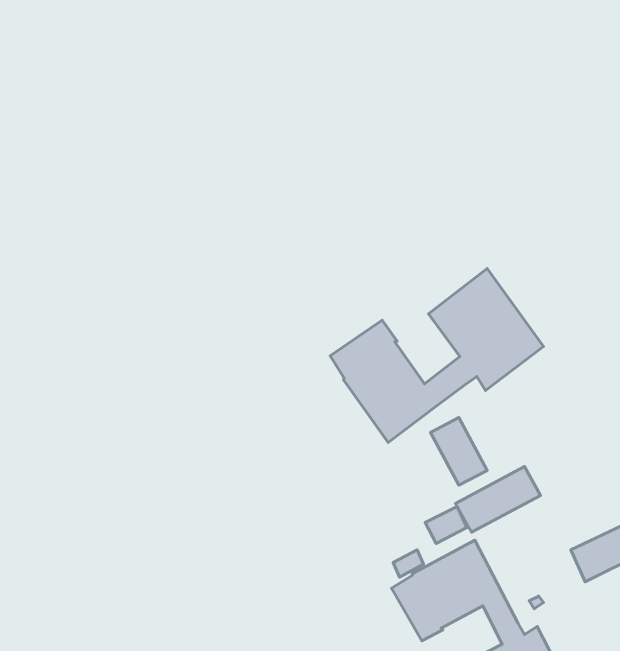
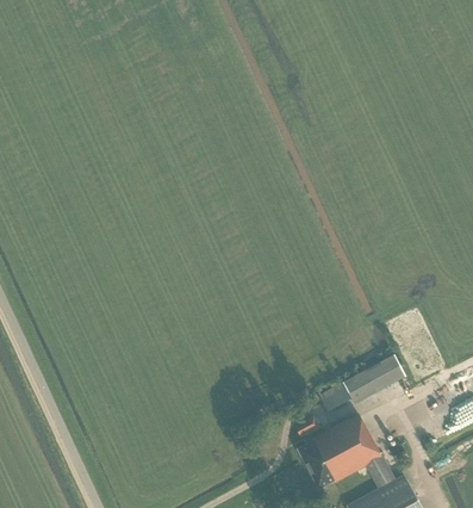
building: [330,268,543,443] -> none
building: [431,418,487,485] -> none

